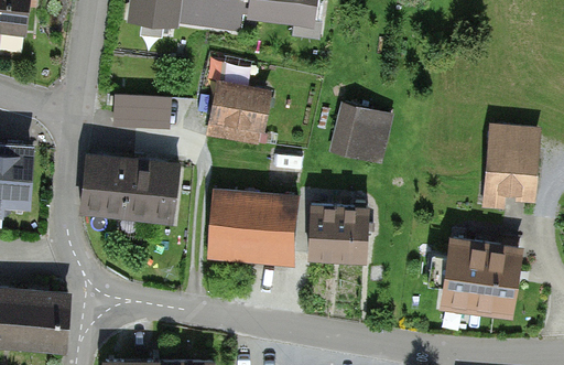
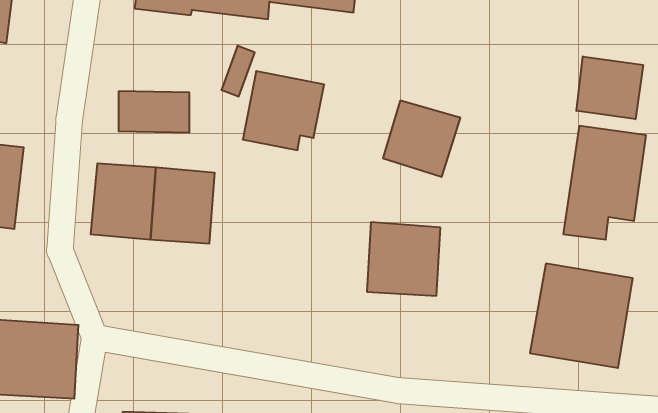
building: none -> [576,56,643,119]
building: [209,186,299,265] -> none

